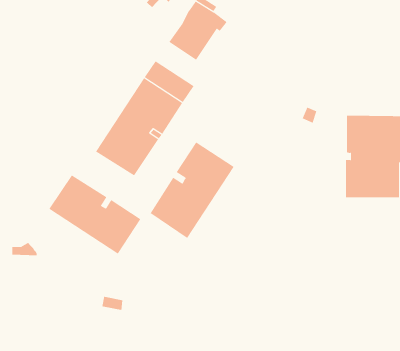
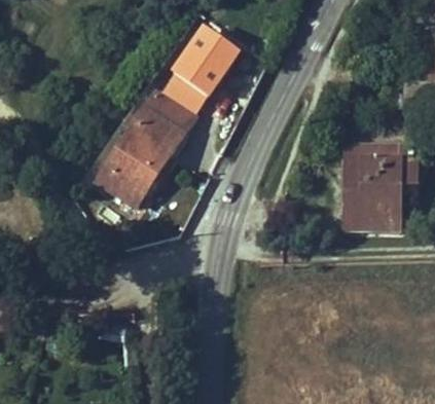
building: [150,142,234,239] -> none
building: [48,174,141,255] -> none

